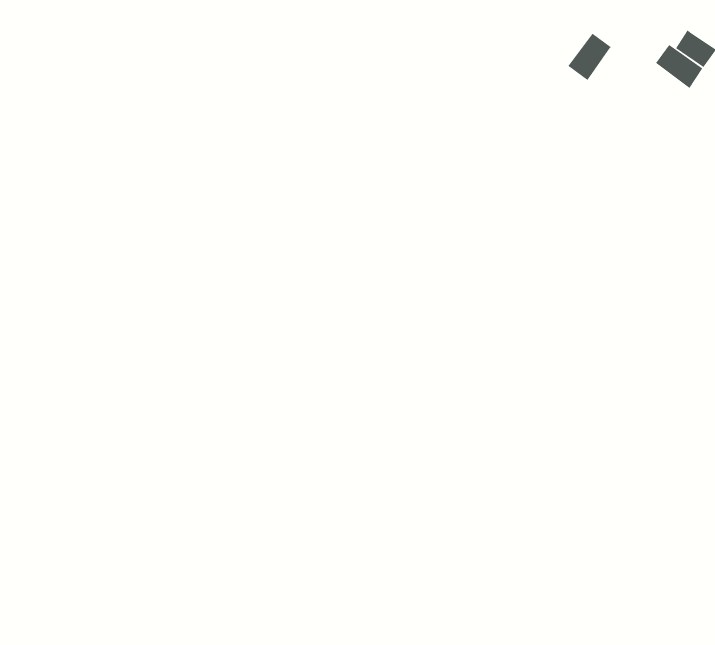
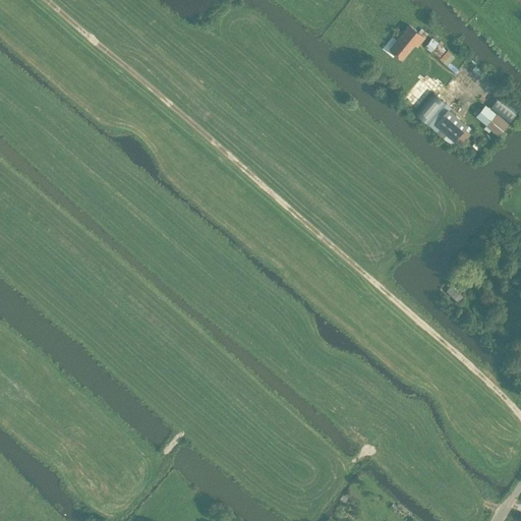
building: none -> [435,111,466,142]

